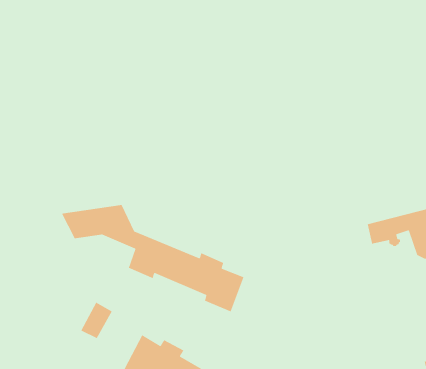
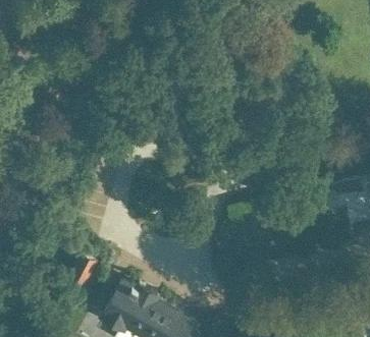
building: [61,204,244,312] -> none

